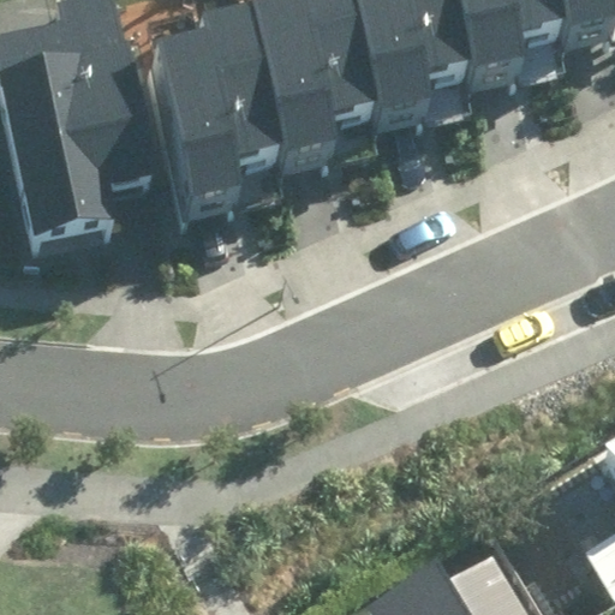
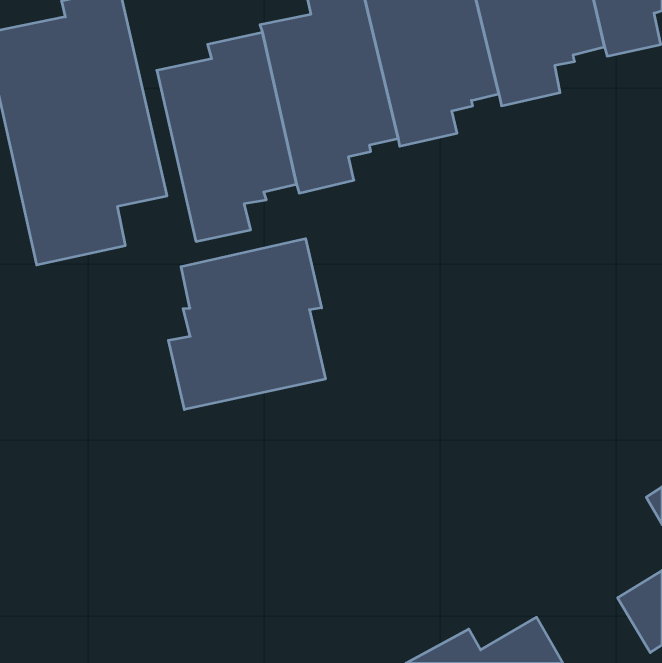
building: none -> [168,239,325,410]

